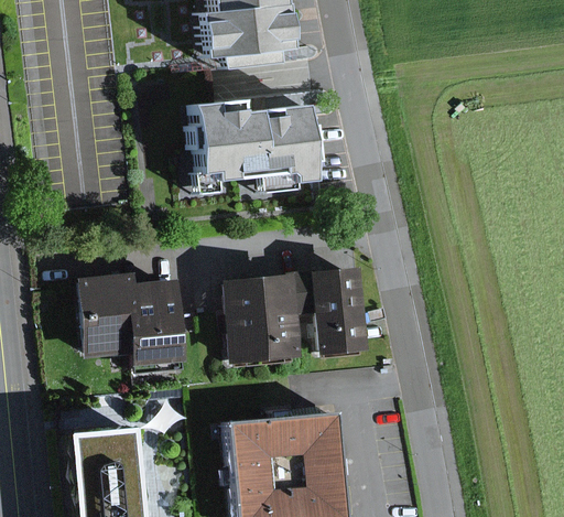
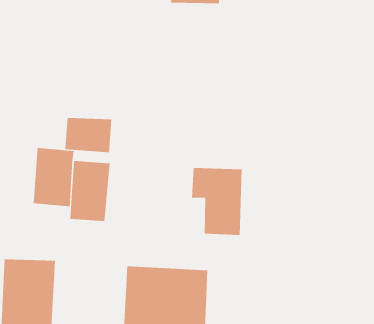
building: [183,100,319,200] -> none
building: none -> [65,117,112,153]
building: [229,274,304,365] -> none

